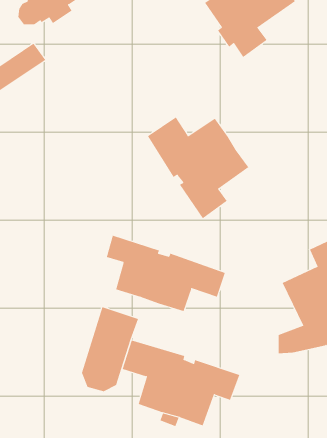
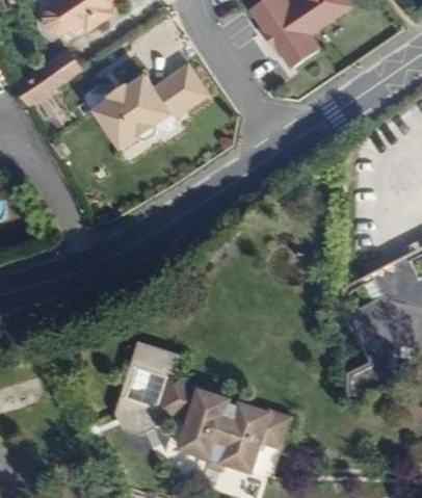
building: none -> [94,65,206,148]
building: [147,117,249,219] -> none
building: [106,235,225,312] -> none

